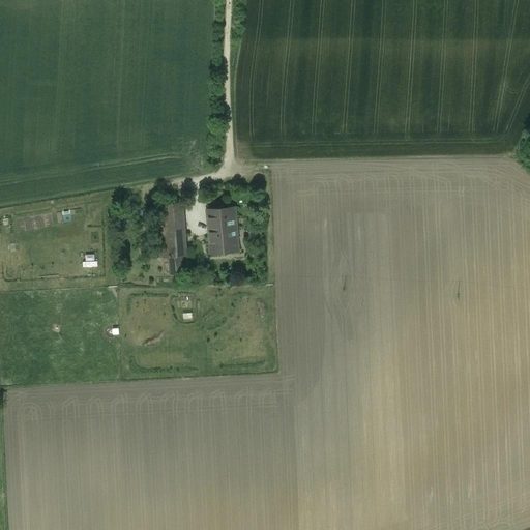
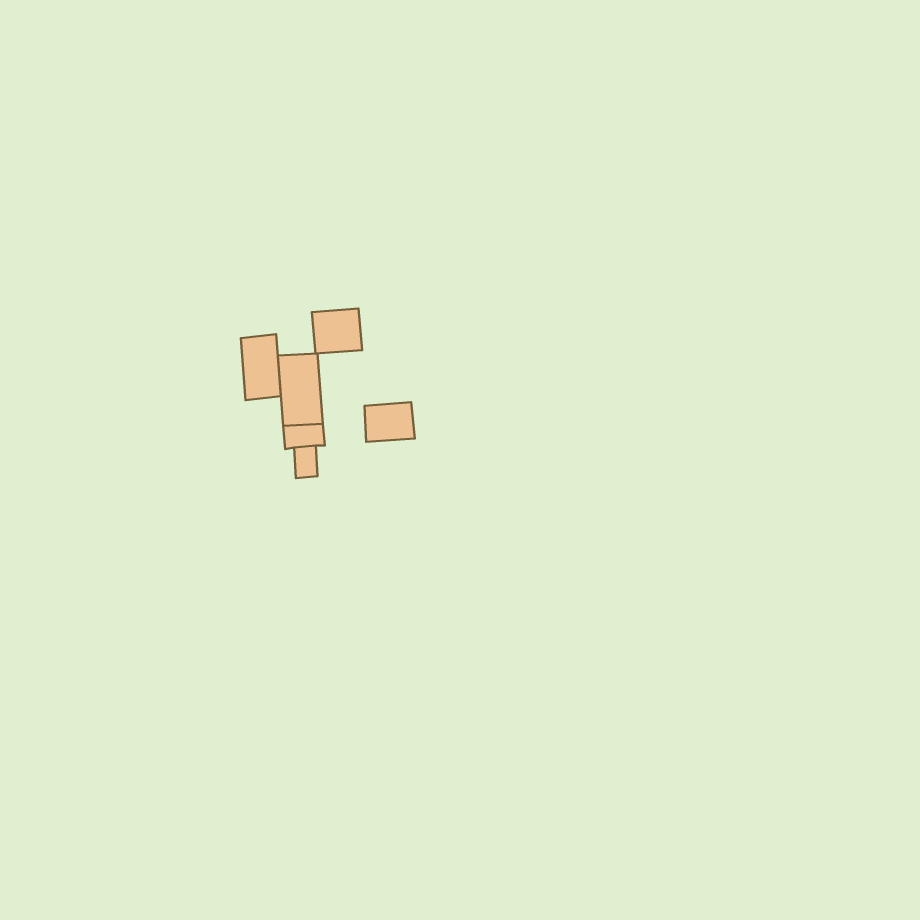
building: none -> [241,334,281,400]
building: [207,208,236,234] -> [312,309,362,354]

